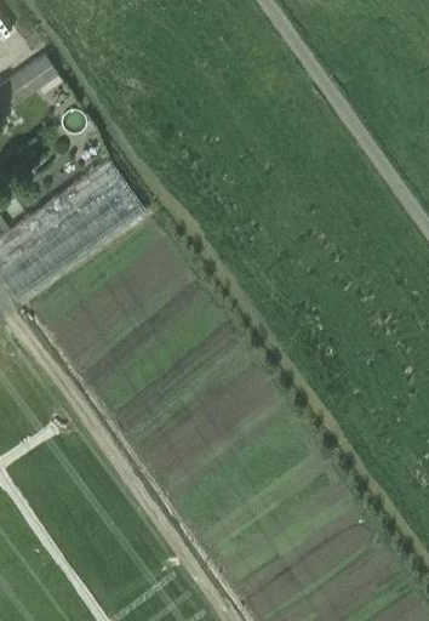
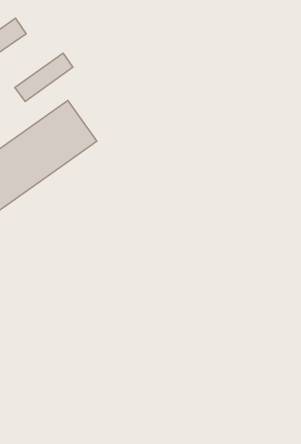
building: none -> [15,53,73,102]

